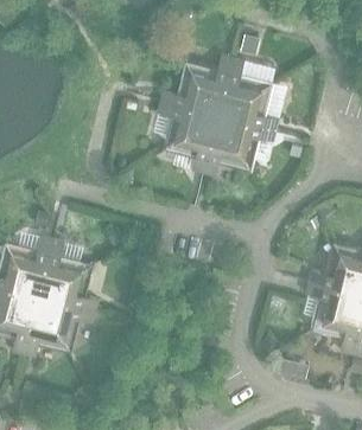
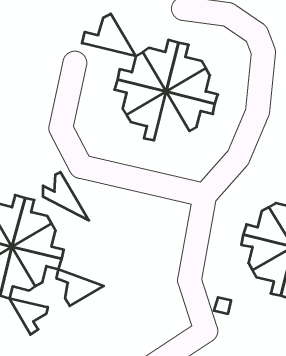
building: none -> [82,14,136,56]
building: [204,113,246,173] -> none
building: none -> [43,172,89,220]
building: none -> [57,269,104,306]
building: none -> [9,298,48,335]

